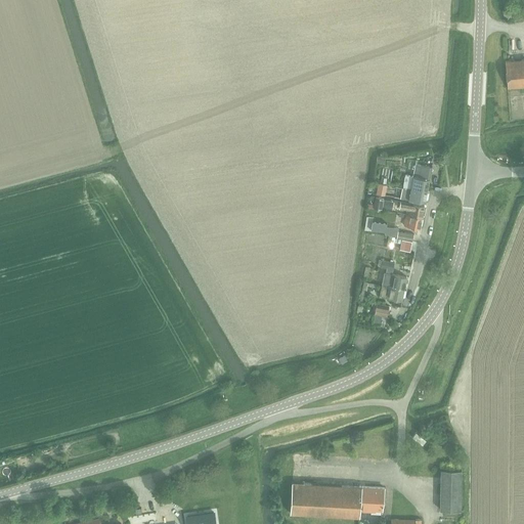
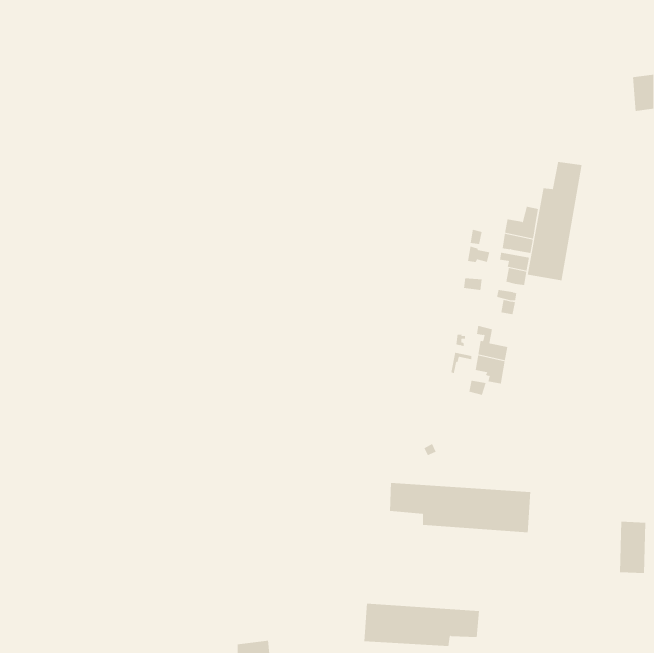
building: none -> [527,161,582,281]
building: none -> [389,482,531,533]
building: [440,470,462,512] -> [619,521,646,574]

